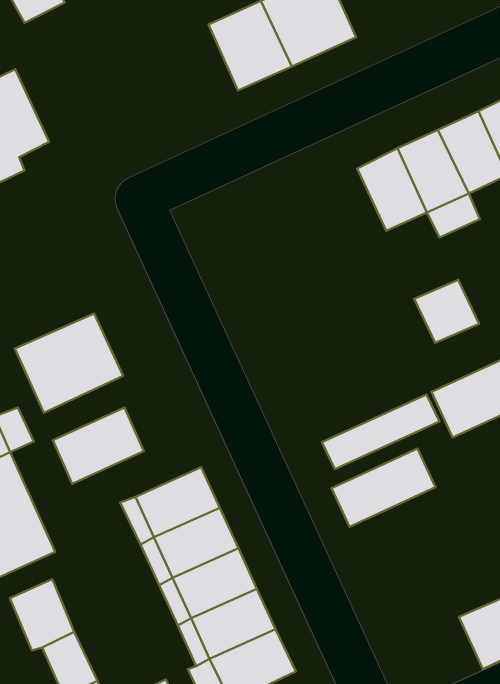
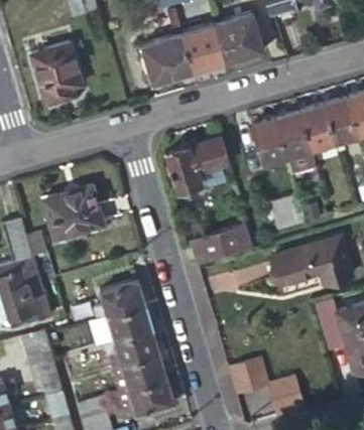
building: none -> [138,34,191,86]
building: none -> [166,138,229,192]
building: [53,408,144,484] -> none
building: [331,448,436,527] -> [195,225,253,263]
building: none -> [231,360,271,396]

